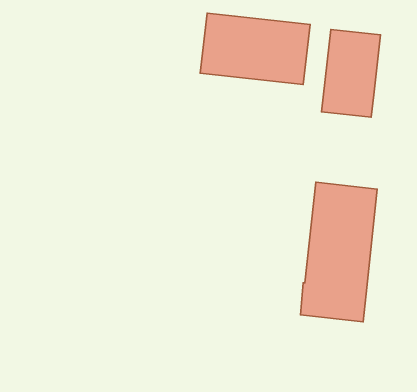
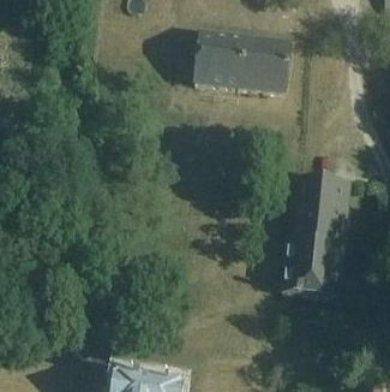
building: [321,30,380,117] -> none

